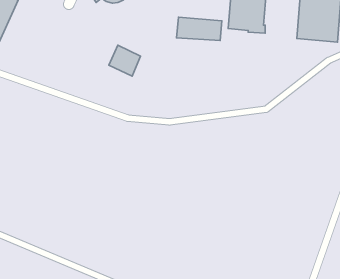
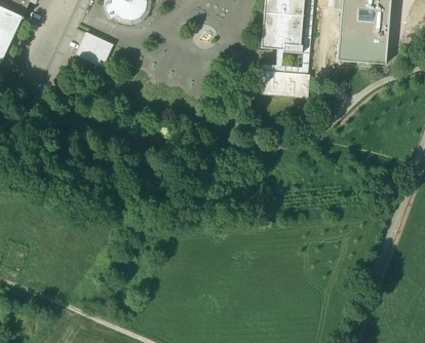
building: [177,17,222,41] -> [260,71,311,98]
building: [109,45,140,76] -> [77,32,113,67]

